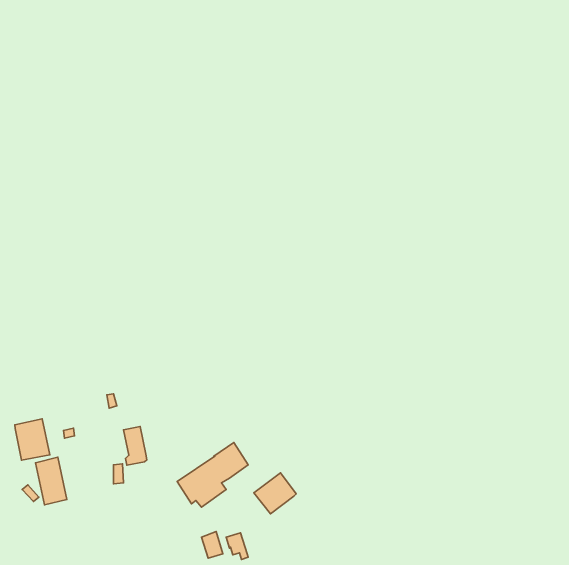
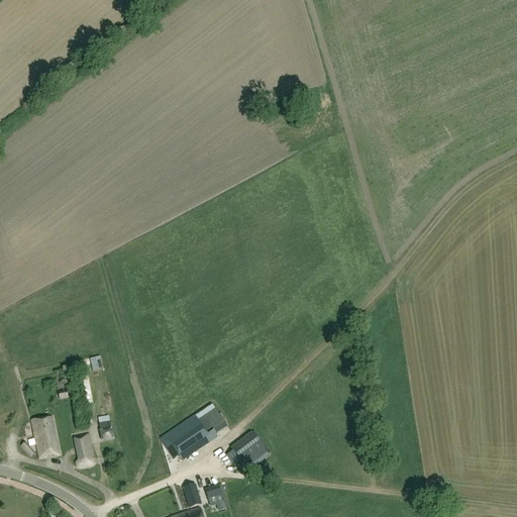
building: [15,419,50,460] -> none
building: [123,426,147,465] -> [74,432,95,468]

